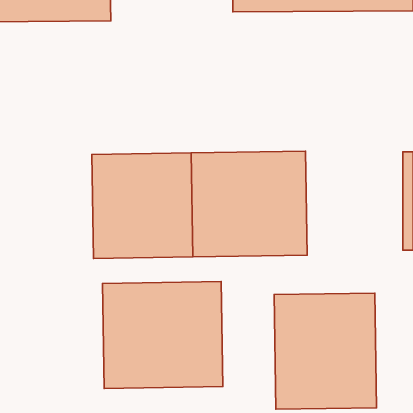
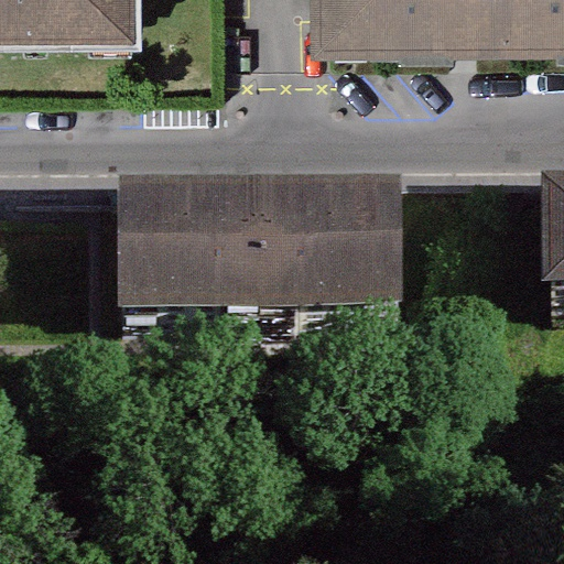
building: [102,282,223,388] -> none
building: [274,293,376,409] -> none

